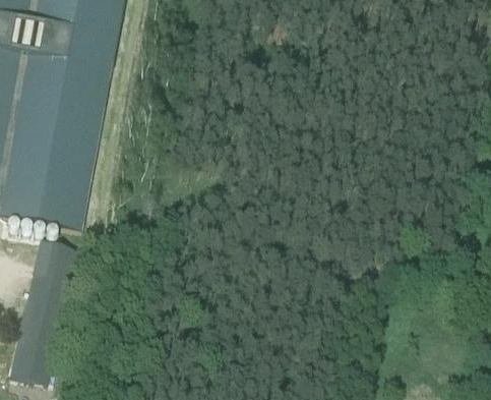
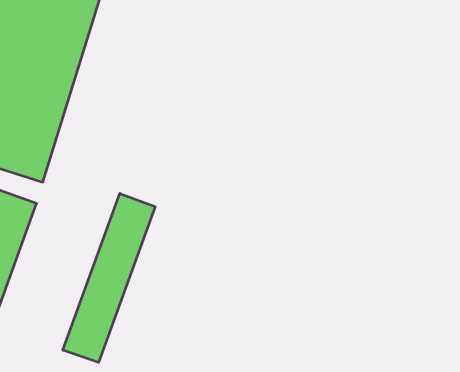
building: none -> [63,193,155,362]

